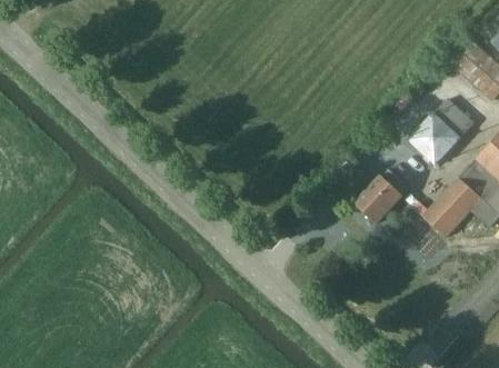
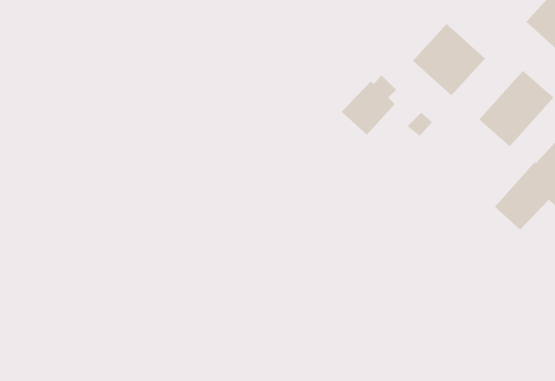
building: none -> [412,23,486,96]
building: [353,171,401,223] -> [341,74,397,135]

